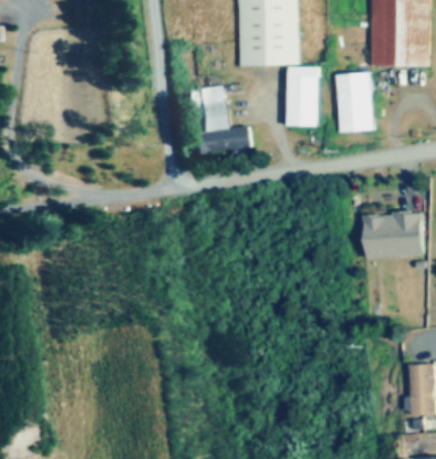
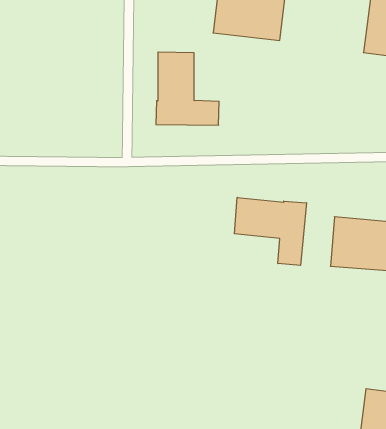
building: [336,71,375,133] -> none
building: [287,75,319,126] -> none
building: none -> [234,197,306,265]

